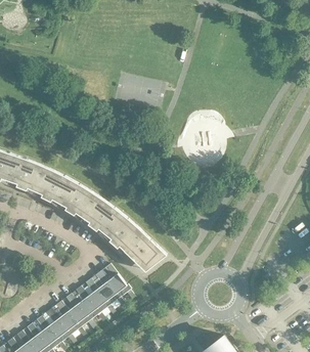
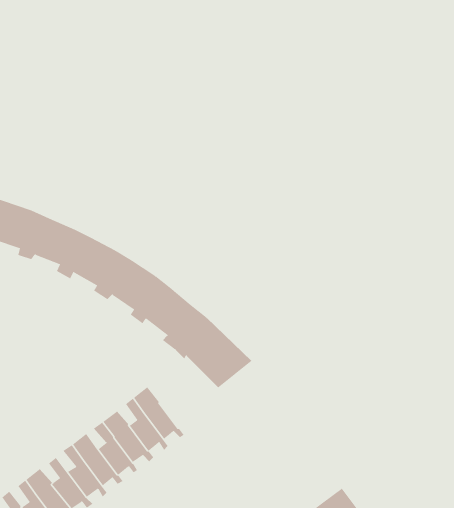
building: [103,263,132,297] -> none

